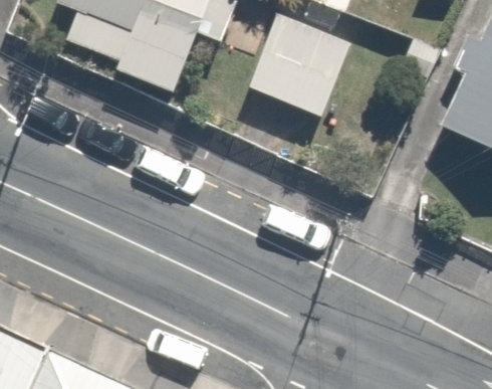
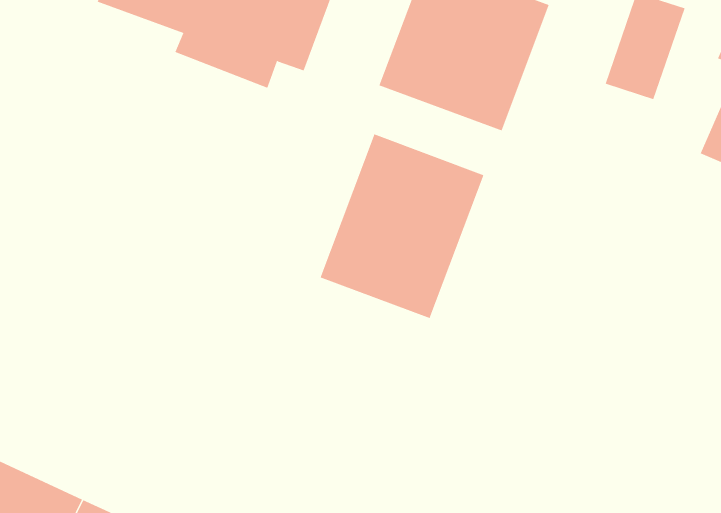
building: none -> [320,134,484,319]

